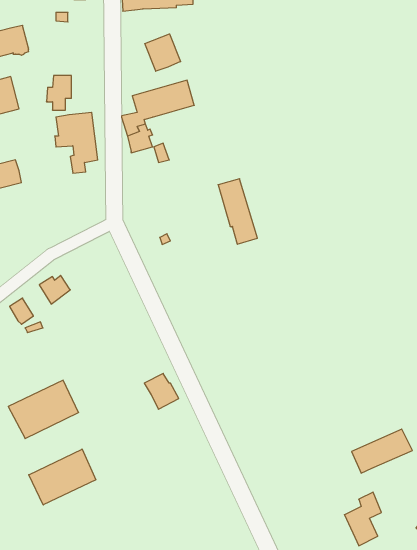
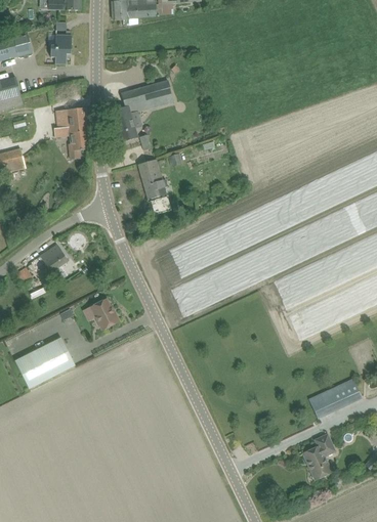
building: [145,34,181,71] -> none
building: [46,76,71,110] -> [50,34,72,63]
building: [218,179,257,244] -> [138,158,172,214]
building: [144,373,179,409] -> [90,298,120,329]
building: [29,449,96,505] -> none

